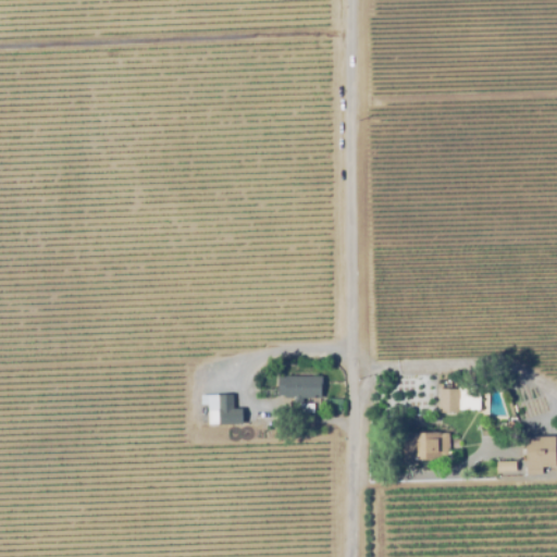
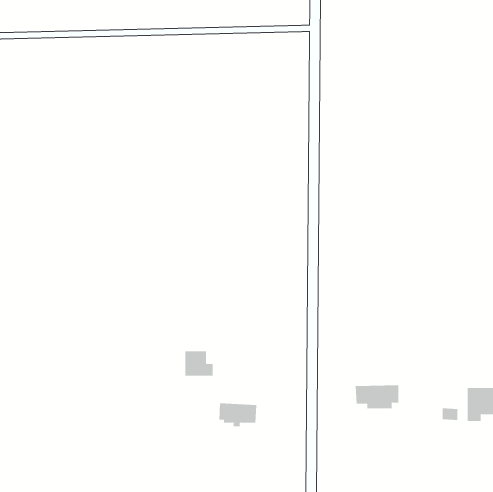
building: [278,375,322,403] -> [218,403,257,427]
building: [440,384,487,413] -> none

